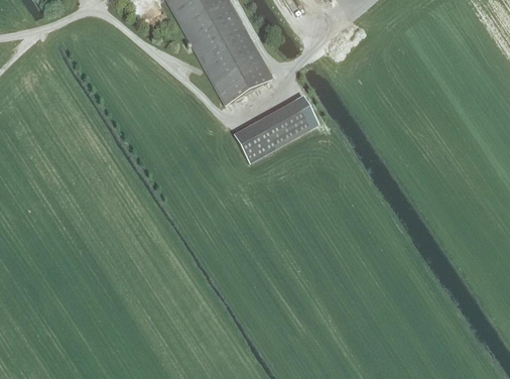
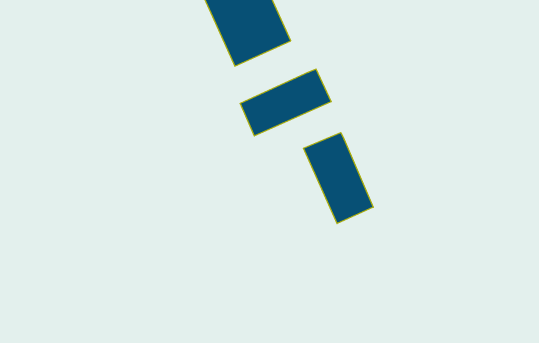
building: none -> [304,133,373,224]

